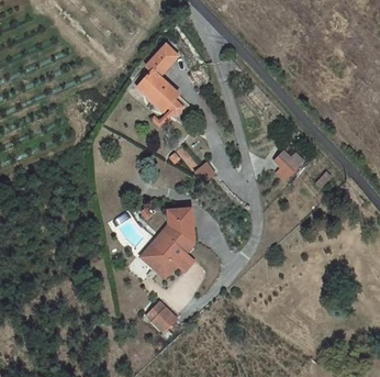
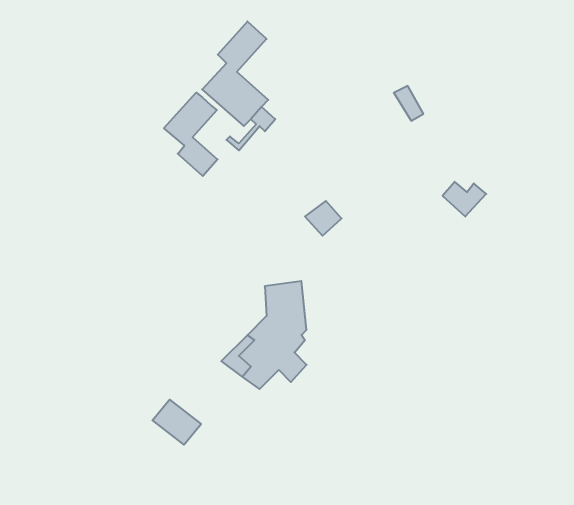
building: none -> [164,93,218,176]
building: [147,299,178,328] -> [152,400,201,445]

